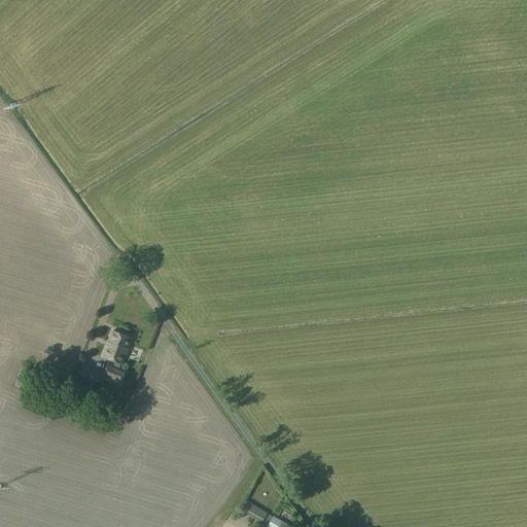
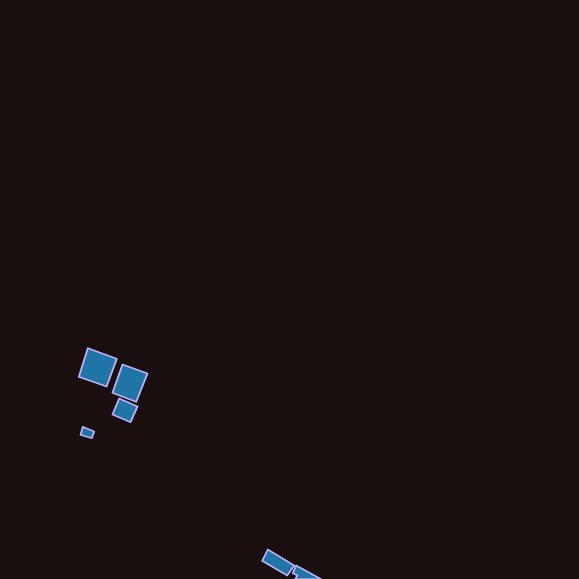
building: none -> [79,348,117,386]

